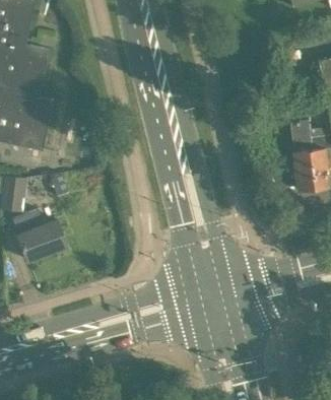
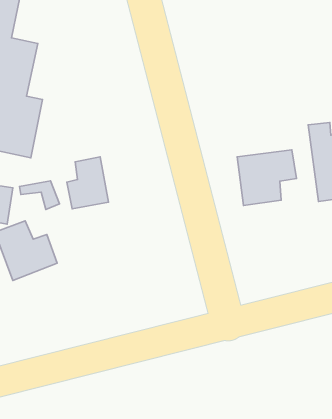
building: none -> [237,150,296,206]
building: none -> [67,157,109,209]

